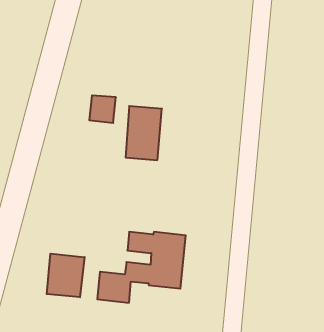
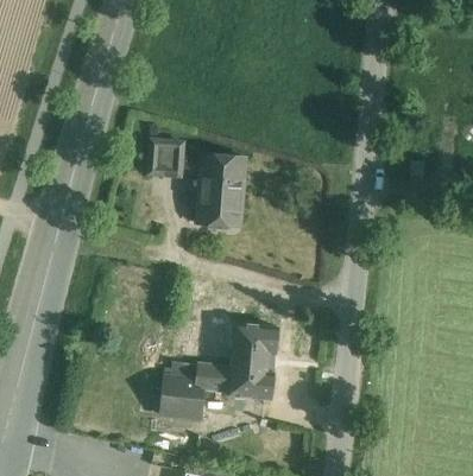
building: [47,254,85,297] -> none

